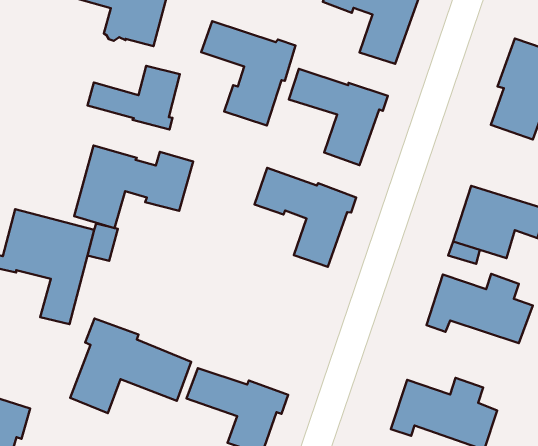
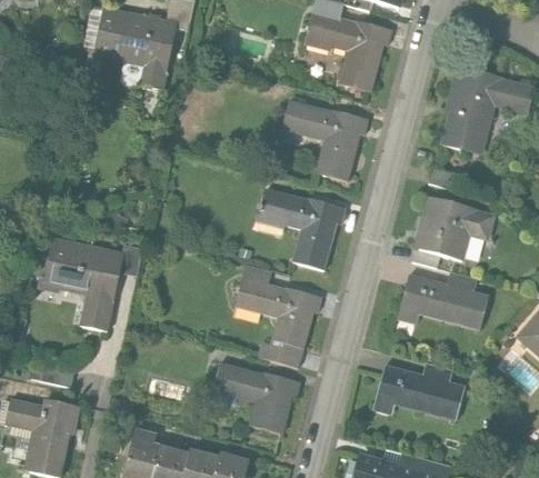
building: [201,21,295,126] -> none
building: [87,66,180,130] -> none
building: [74,145,193,228] -> none
building: none -> [236,262,320,365]
building: [70,318,191,413] -> none

